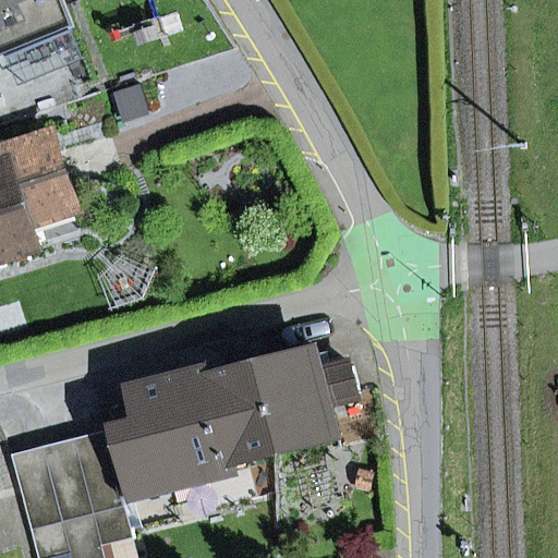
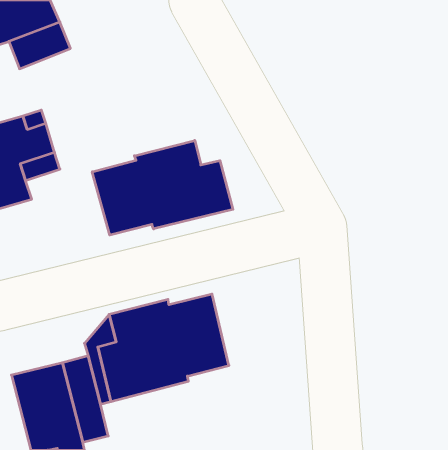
building: none -> [92,140,233,235]
building: [263,351,360,452] -> none

